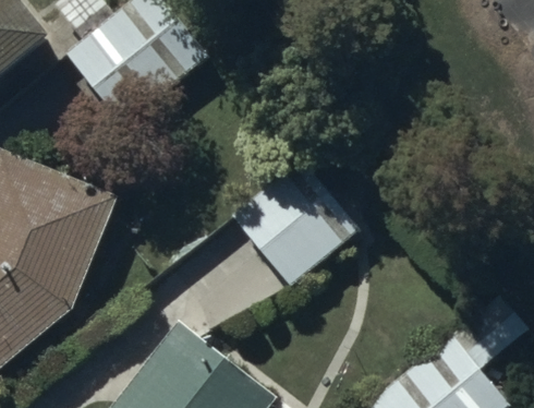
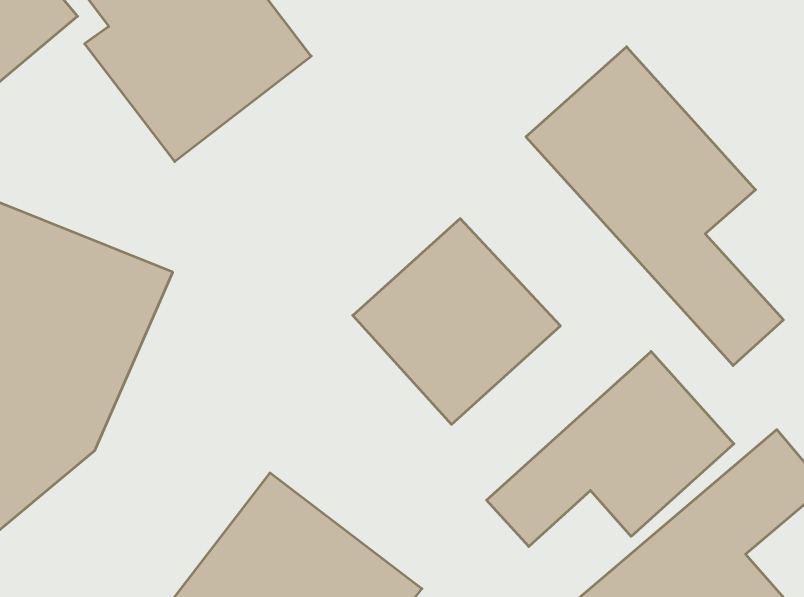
building: none -> [526,47,783,366]
building: none -> [487,351,734,547]

